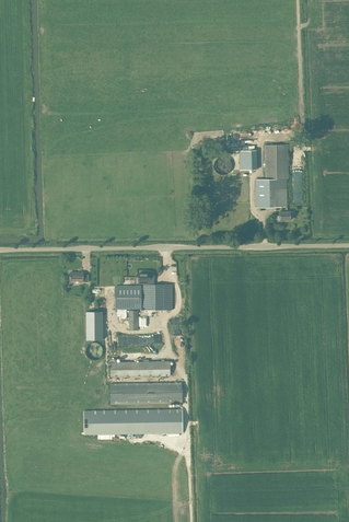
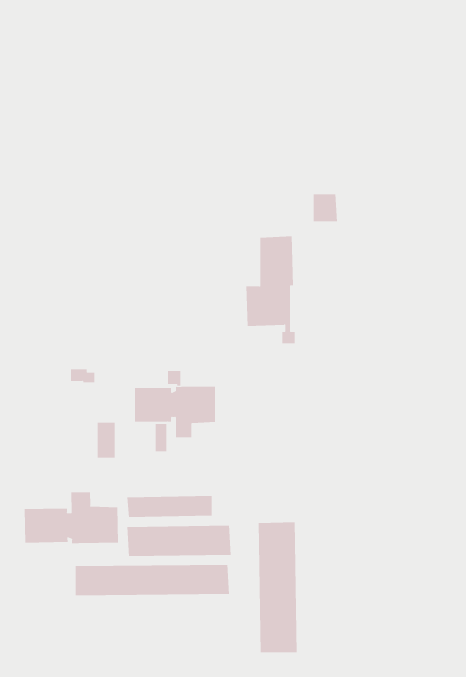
building: [256,144,291,220] -> [245,236,296,344]
building: none -> [24,492,118,544]
building: none -> [258,522,297,653]

